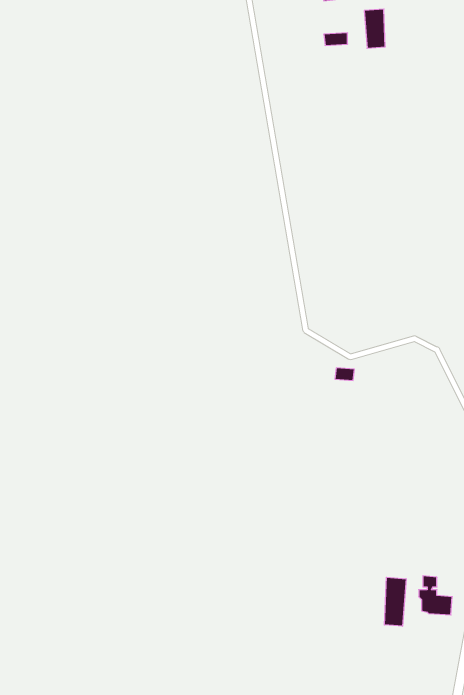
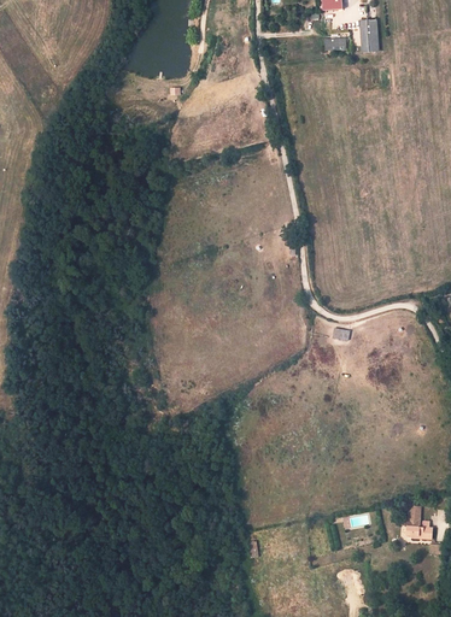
building: [384,577,406,626] -> none

